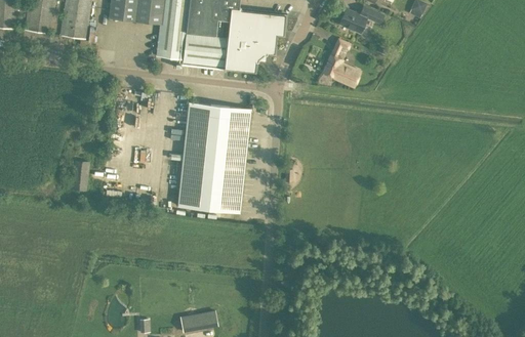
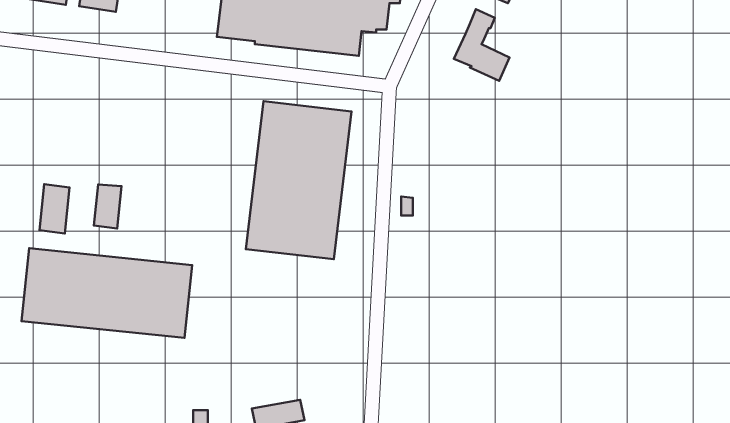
building: none -> [39,184,70,234]
building: none -> [21,248,192,338]

